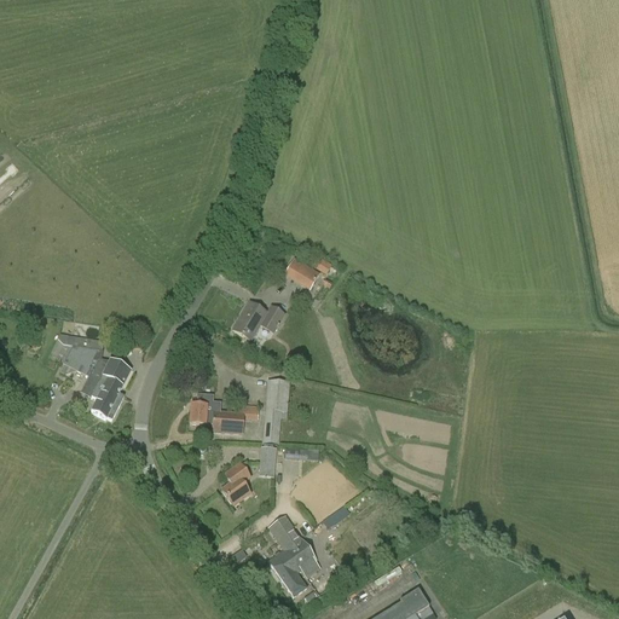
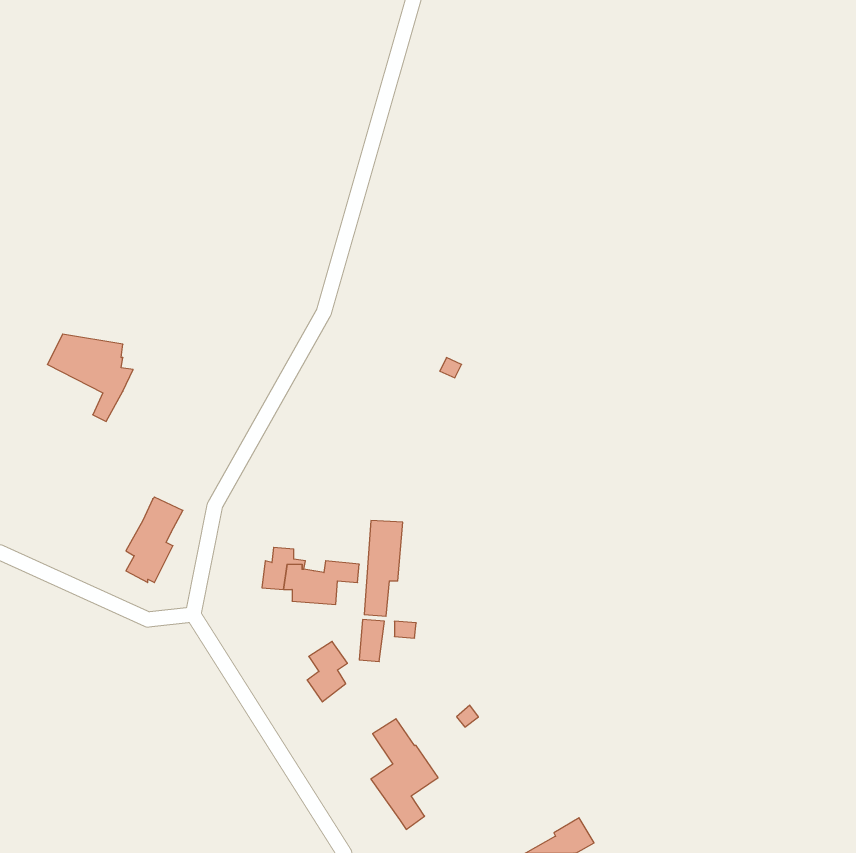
building: [285,258,320,290] -> none
building: [233,301,285,341] -> none
building: [50,334,111,397] -> [47,334,133,421]

